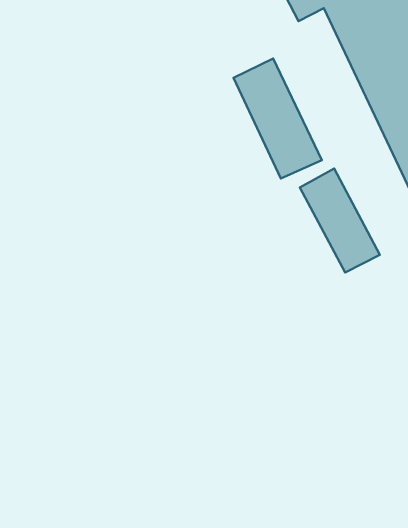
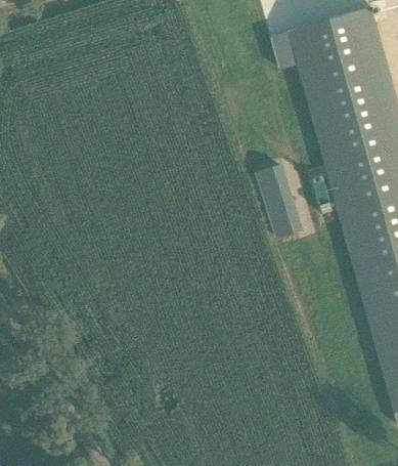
building: [234,58,322,179] -> none

